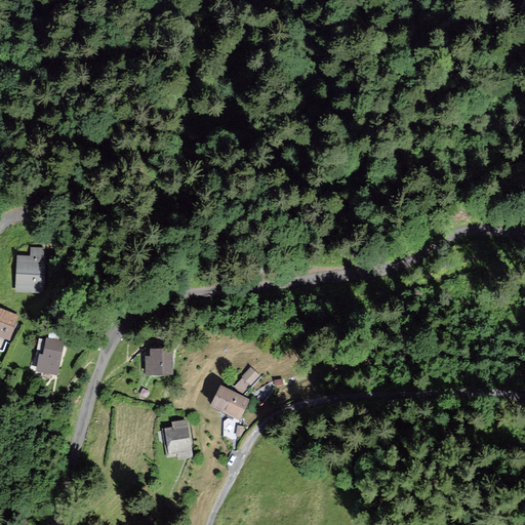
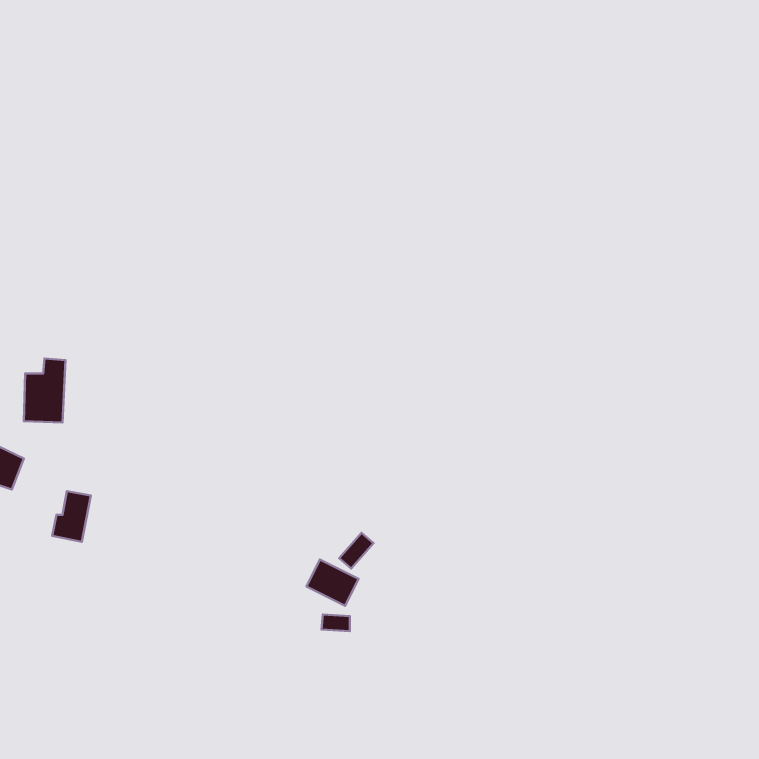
building: [149,347,174,373] -> none
building: [163,420,191,457] -> none

